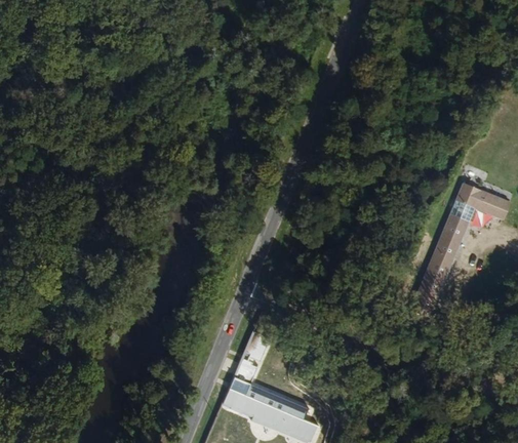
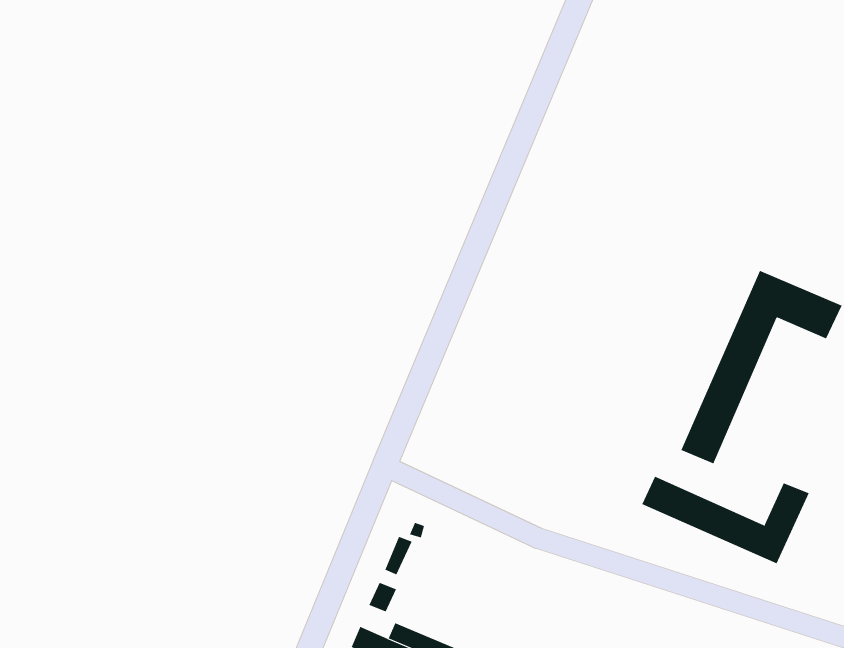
building: none -> [642,476,809,564]

